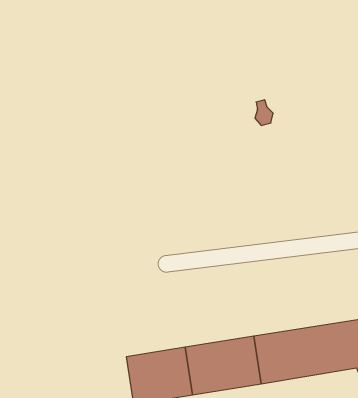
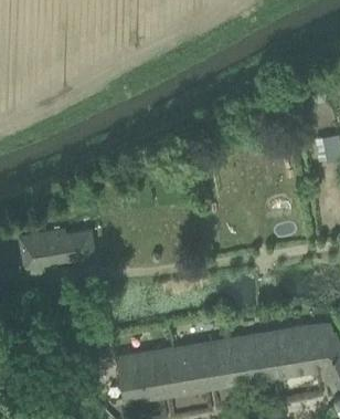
building: none -> [19,229,96,272]

